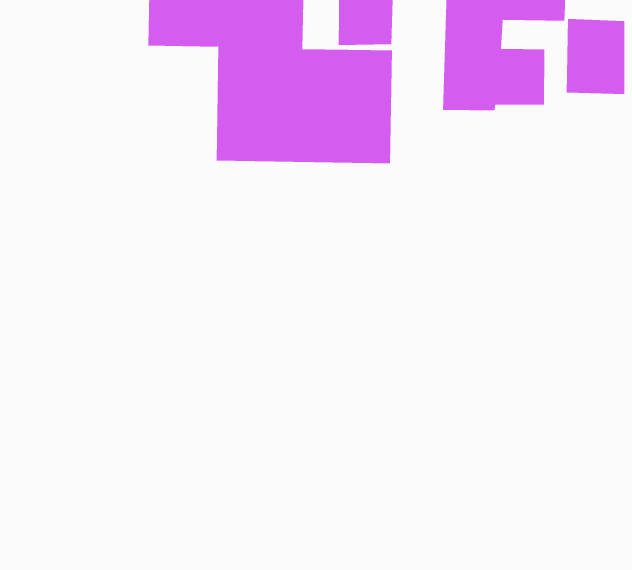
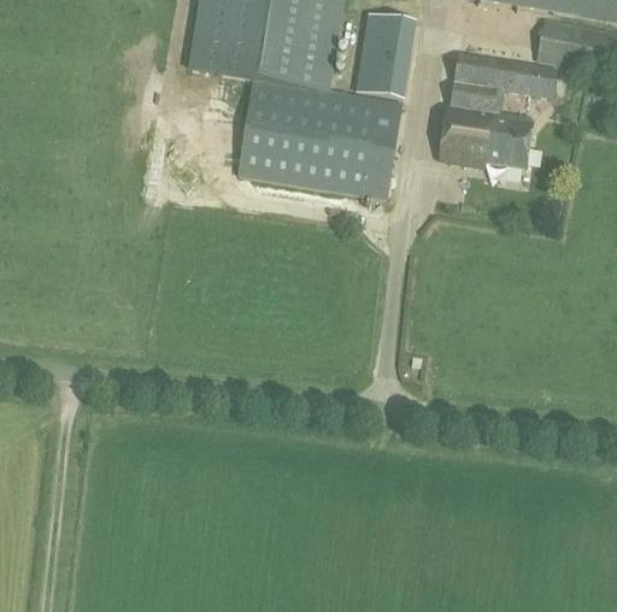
building: [566,18,625,95] -> none

